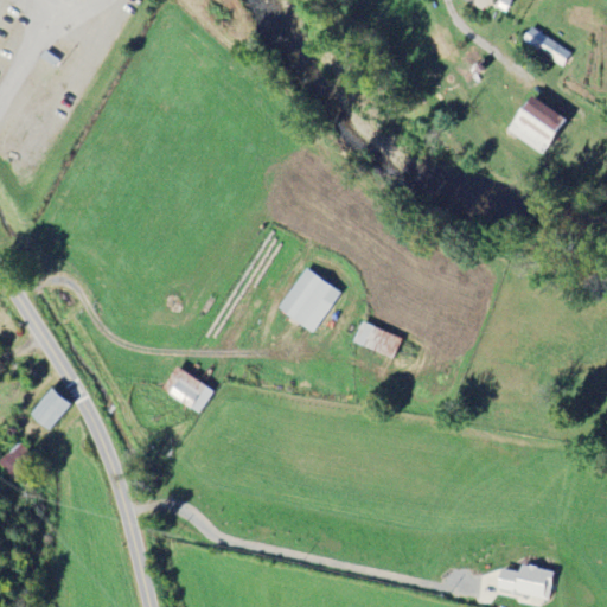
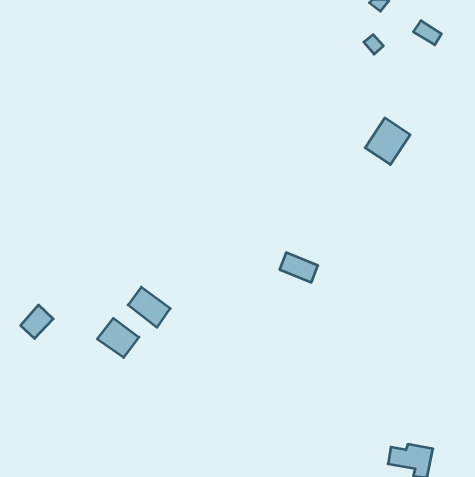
building: [511,96,568,155] -> [365,118,410,165]
building: [287,273,336,332] -> none
building: none -> [97,318,139,358]

